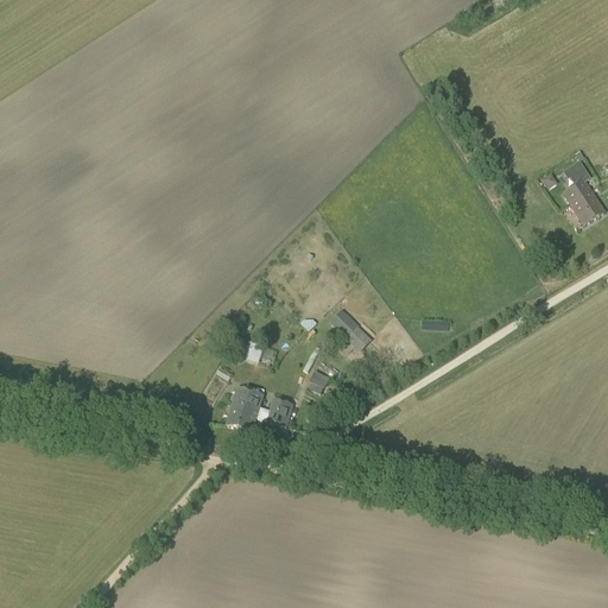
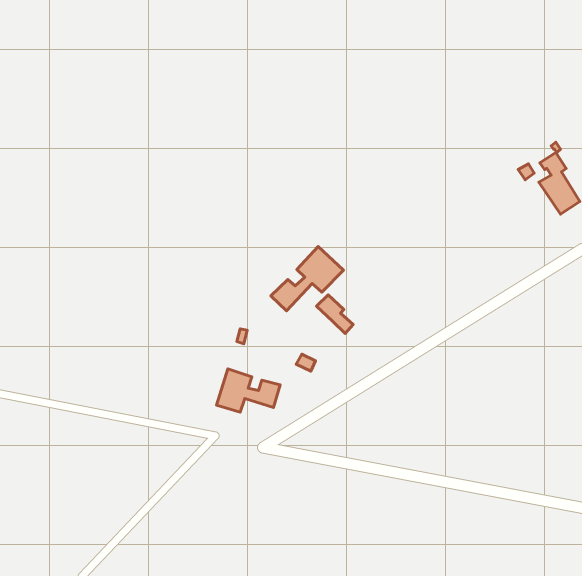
building: none -> [271,246,344,311]

